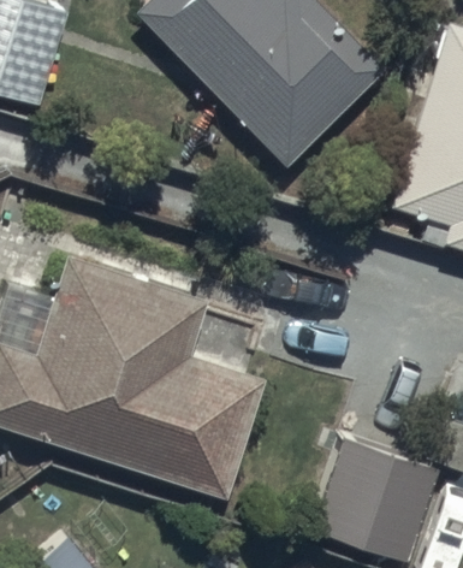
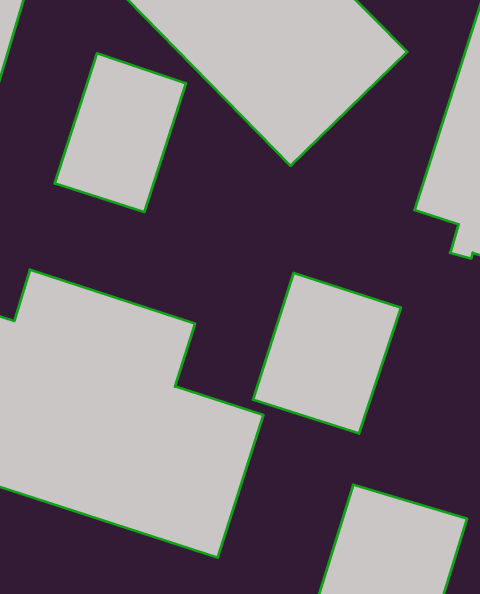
building: none -> [55,53,186,212]
building: none -> [253,273,401,434]

